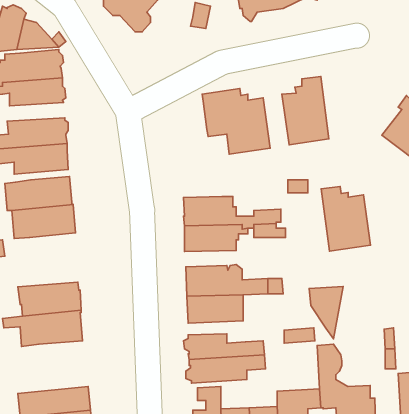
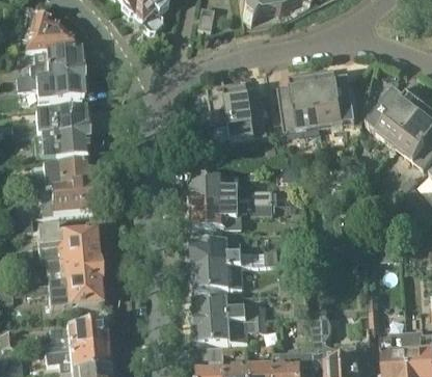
building: [321,186,371,251] -> [313,69,356,126]
building: none -> [36,225,98,258]
building: [309,286,343,339] -> none
building: none -> [44,322,107,351]

